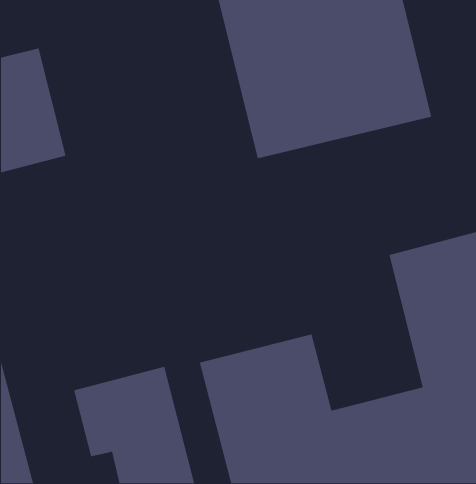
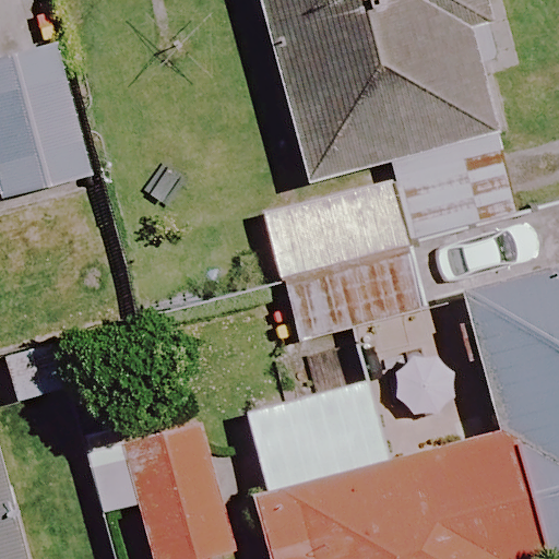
building: none -> [267,160,519,345]

